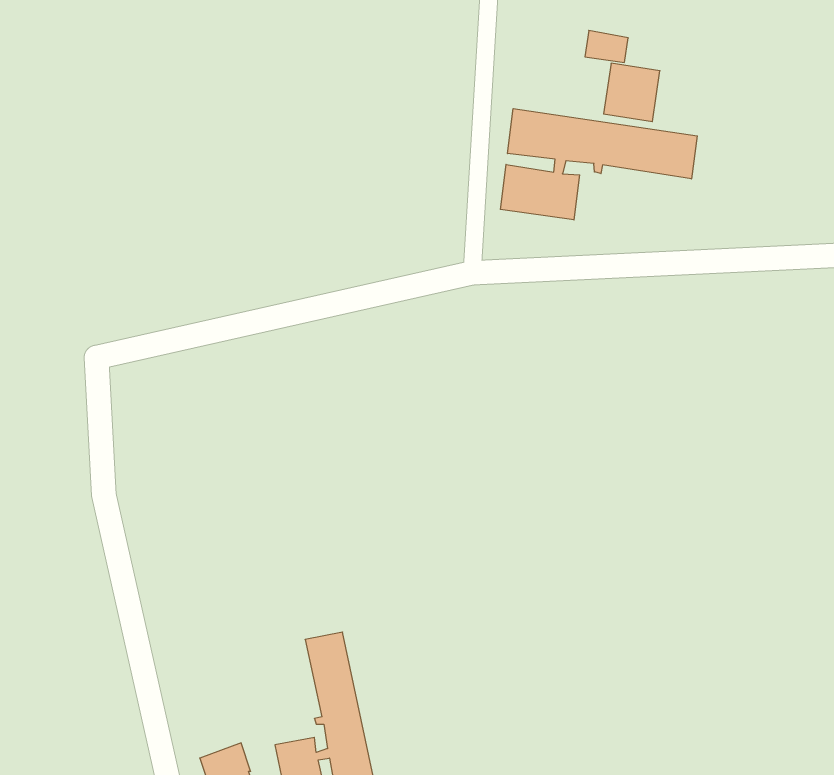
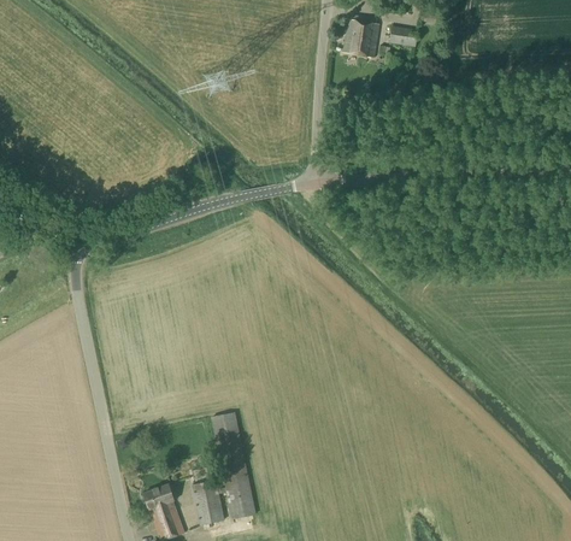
building: [604,63,660,122] -> [342,18,378,55]
building: [500,109,697,220] -> none

